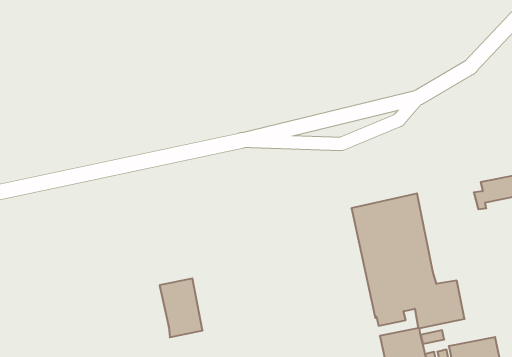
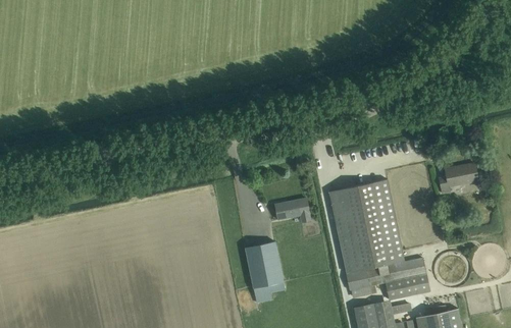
building: none -> [274,199,310,222]
building: [160,278,203,337] -> [245,242,284,295]

